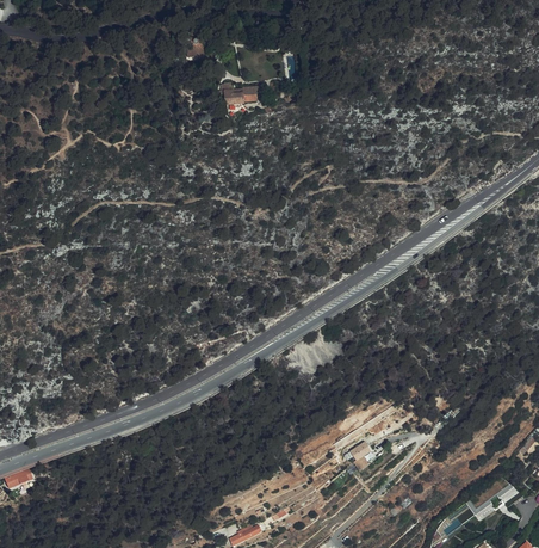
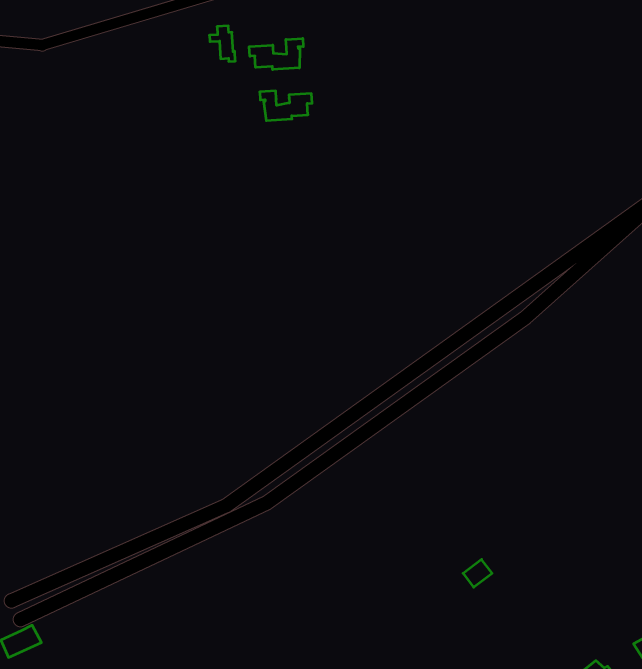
building: none -> [249,38,303,70]

